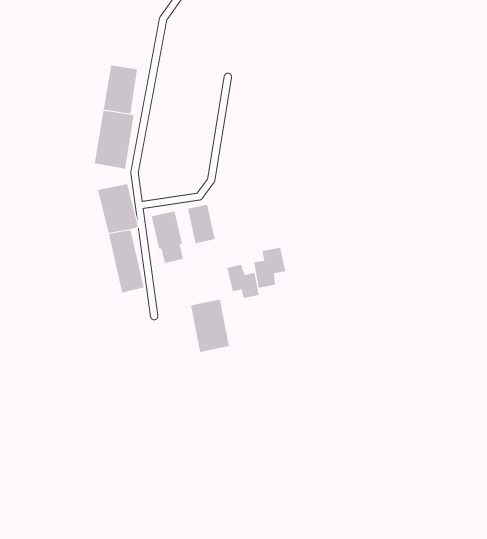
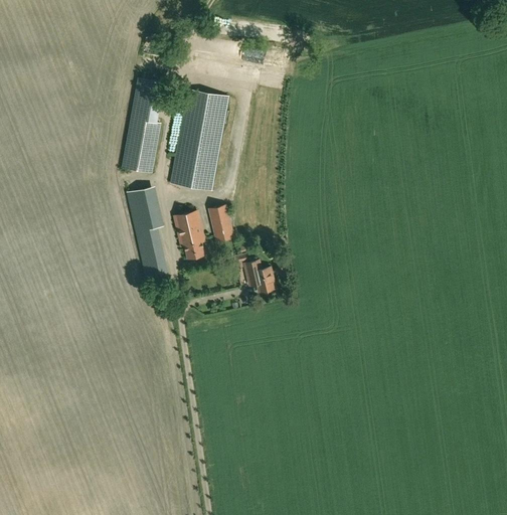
building: none -> [171,90,229,191]
building: [254,247,286,288] -> none
building: [190,299,230,353] -> none

